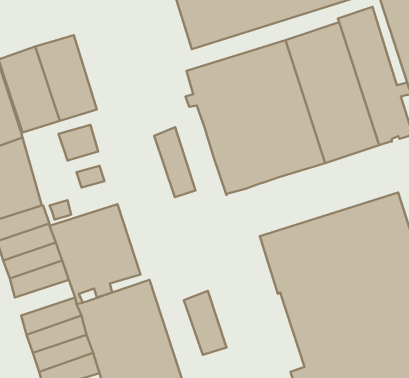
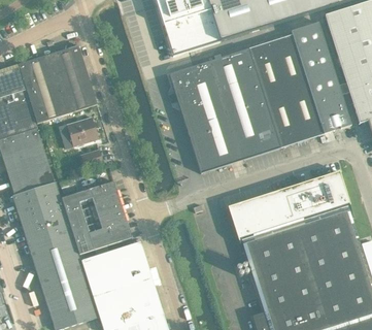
building: [154,127,196,197] -> none
building: none -> [31,241,79,270]
building: [184,291,226,355] -> none

